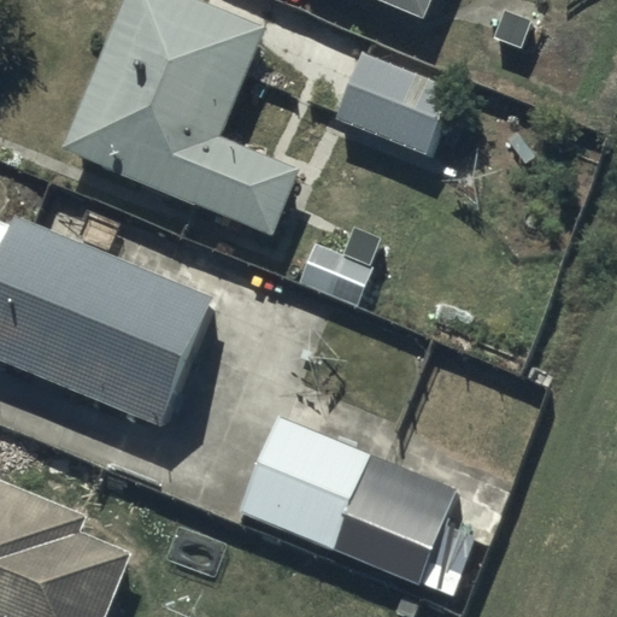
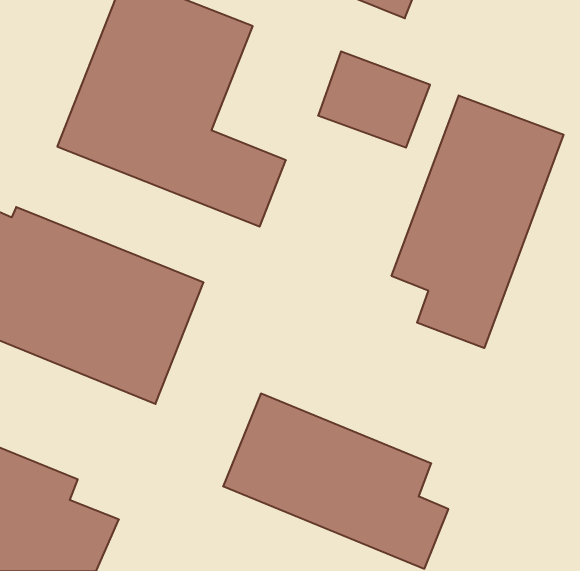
building: none -> [392,95,564,348]

